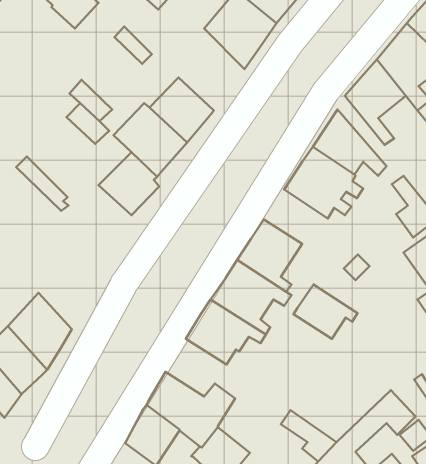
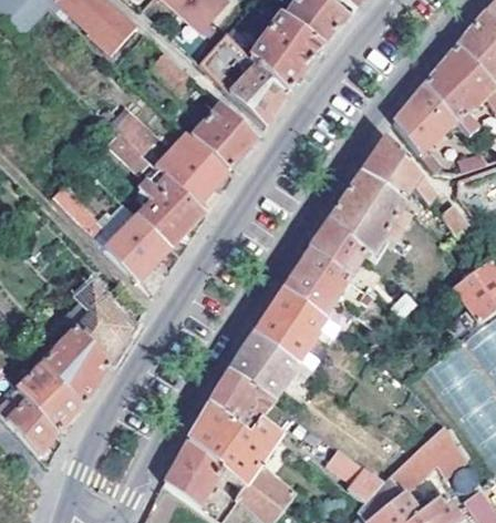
building: none -> [200,31,289,127]
building: none -> [104,214,172,279]
building: none -> [75,283,133,363]
building: [293,284,357,339] -> [309,218,375,275]
building: none -> [207,373,283,435]

